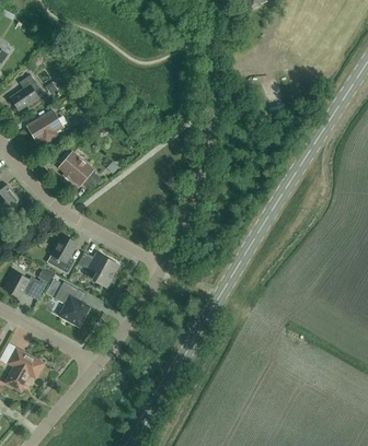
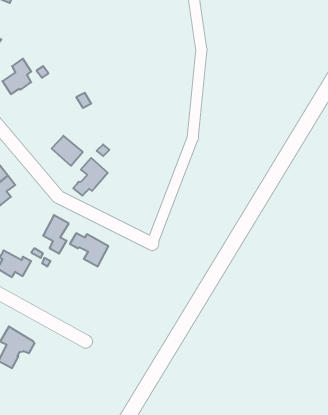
building: [28,111,61,141] -> none
building: none -> [73,158,108,196]
building: [55,281,90,326] -> none

